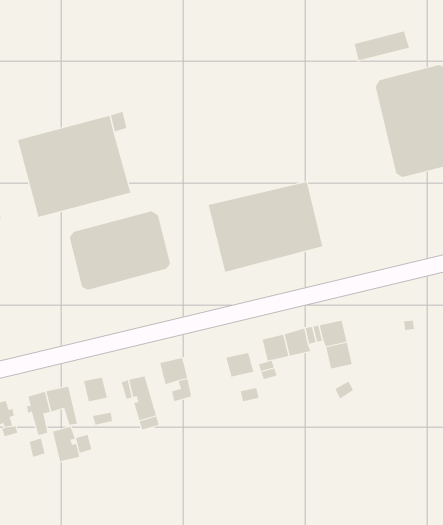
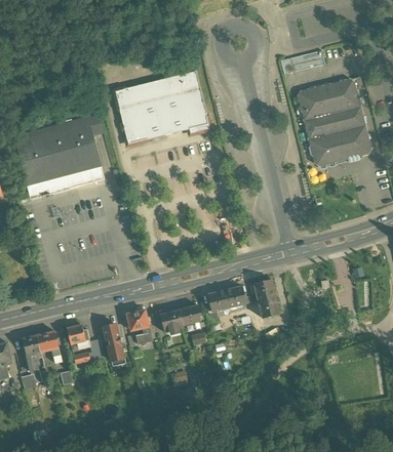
building: [208,182,323,272] -> [117,71,208,142]
building: [69,211,170,290] -> none
building: none -> [159,309,184,331]
building: [53,426,80,462] -> none

